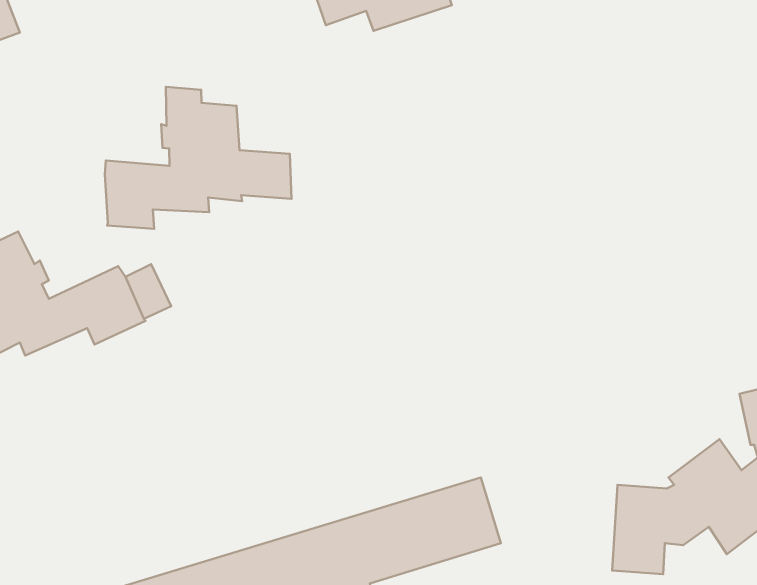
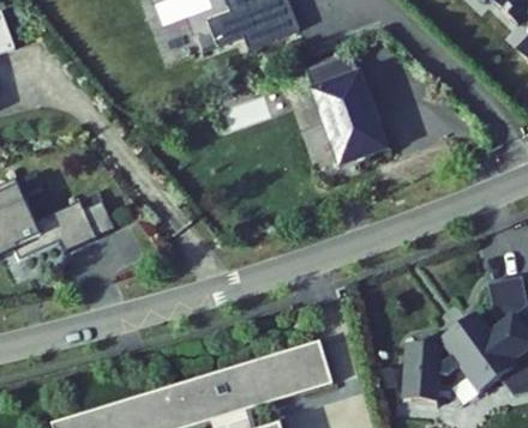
building: none -> [307,54,384,163]
building: [105,87,291,229] -> none

